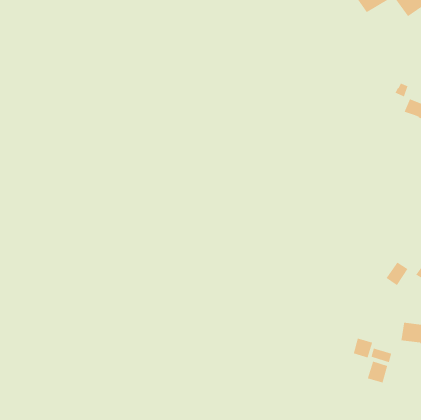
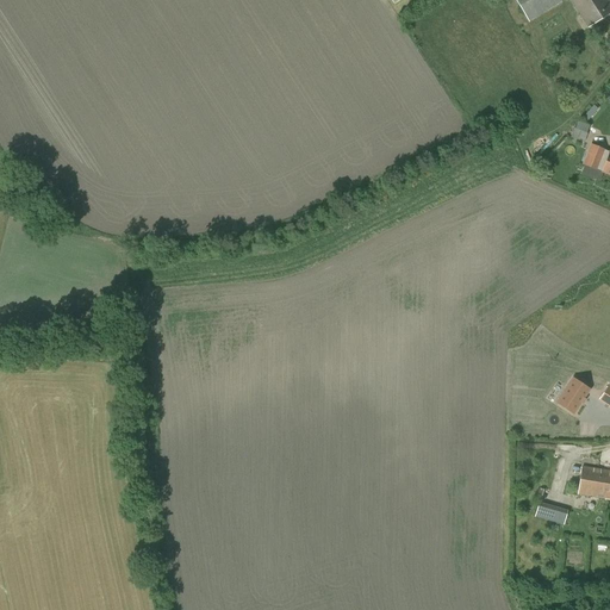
building: [353,338,373,359] -> none
building: [367,360,388,384] -> none

